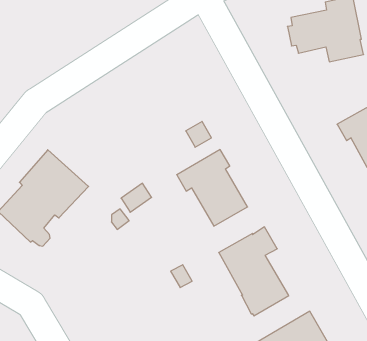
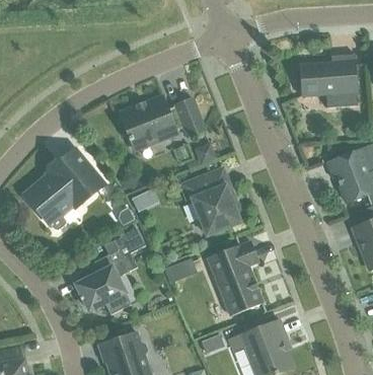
building: none -> [119,96,205,147]
building: none -> [75,226,143,315]

